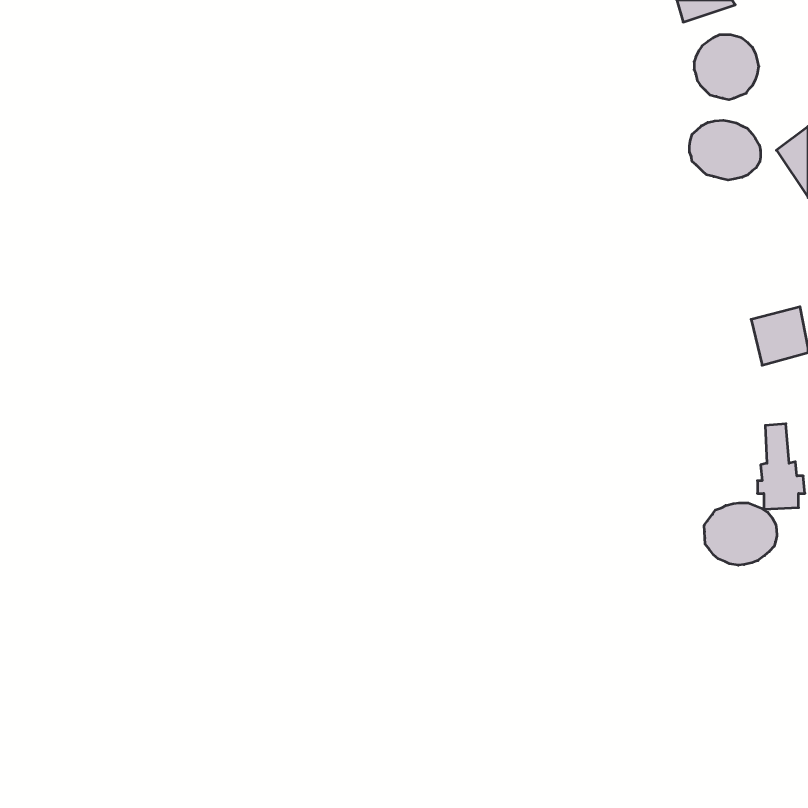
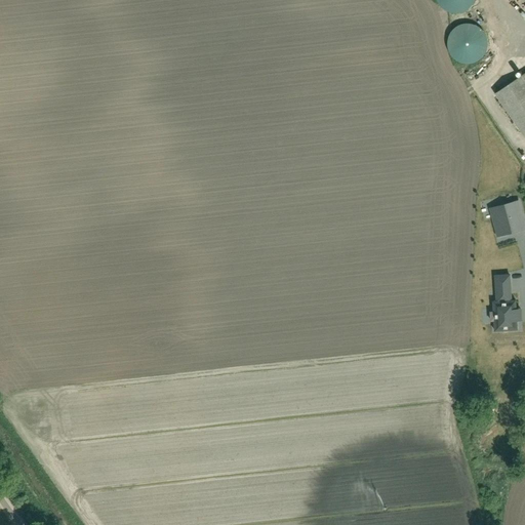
building: [689,120,761,180] -> none
building: [704,503,777,565] -> none

